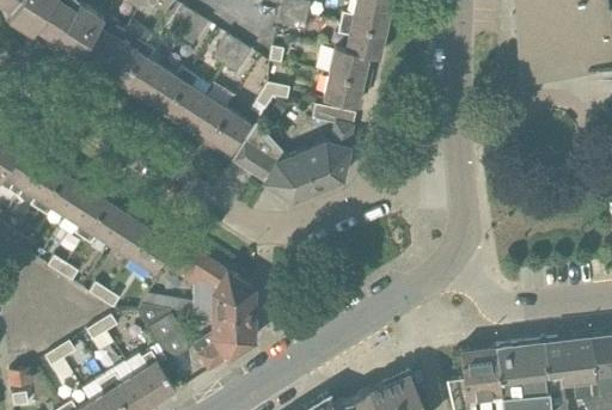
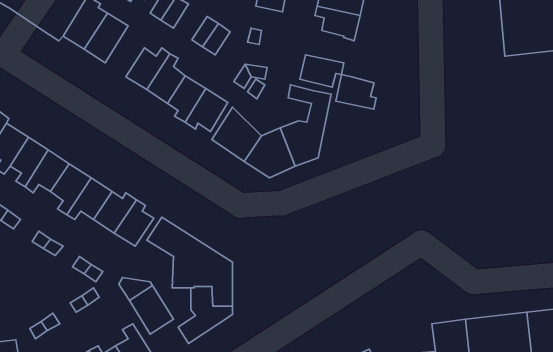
building: [123,44,164,97] -> none
building: [330,47,372,82] -> [336,75,376,109]

